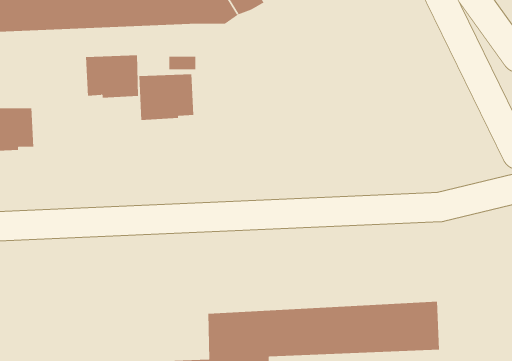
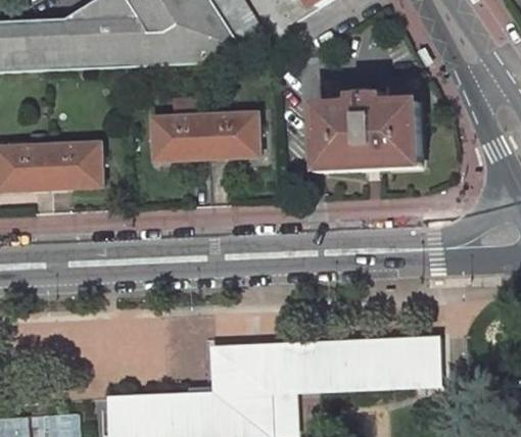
building: none -> [310,89,413,175]
building: [85,55,139,98] -> [38,144,91,187]
building: none -> [196,109,249,155]

